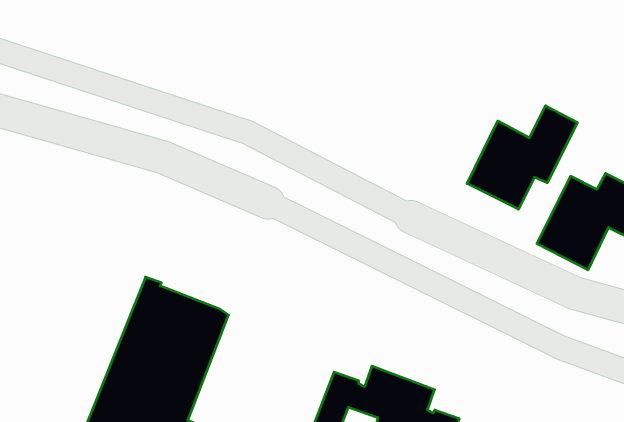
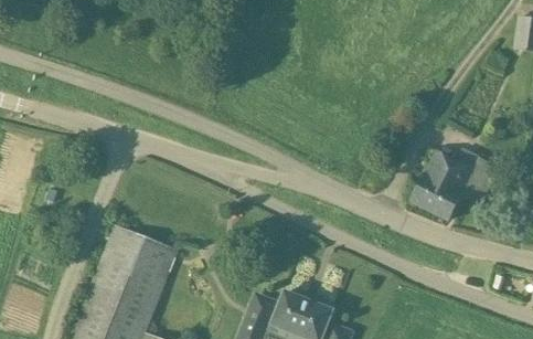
building: [467,106,577,209] -> none

